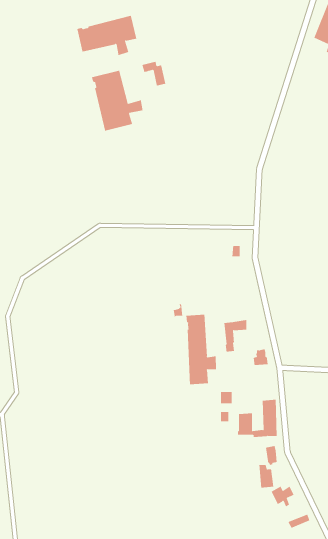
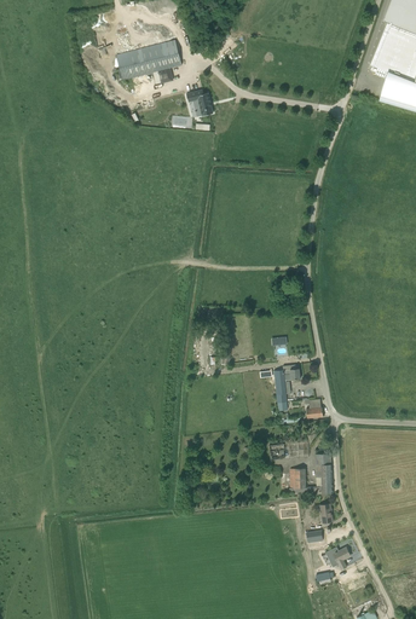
building: [91,70,143,132] -> none
building: [186,314,217,385] -> none

